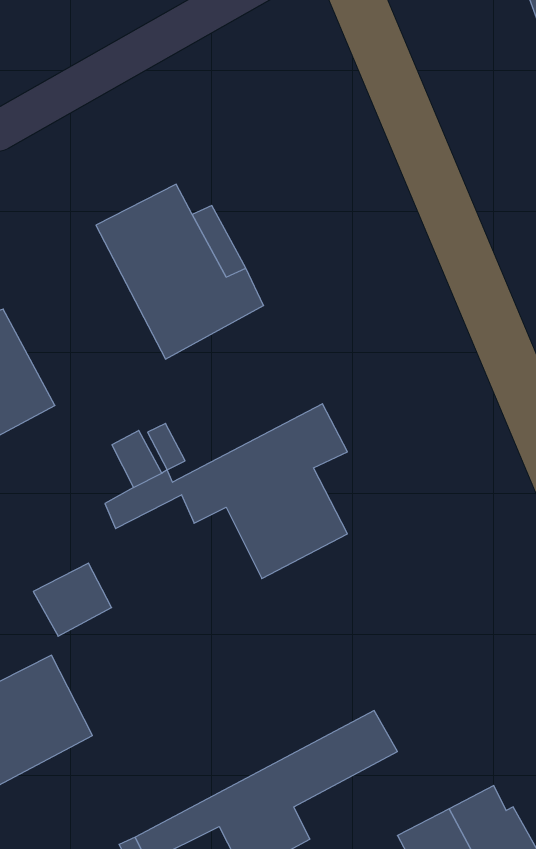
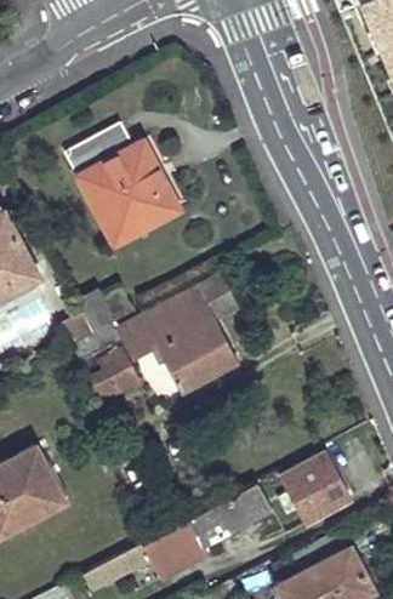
building: [33,563,112,636] -> [87,354,141,404]
building: none -> [277,455,349,526]

